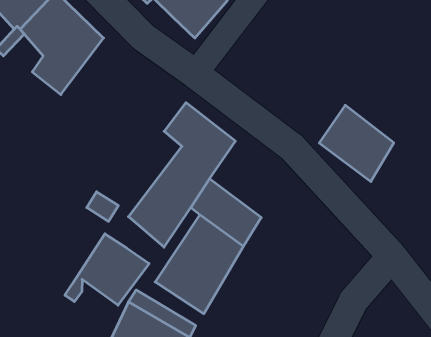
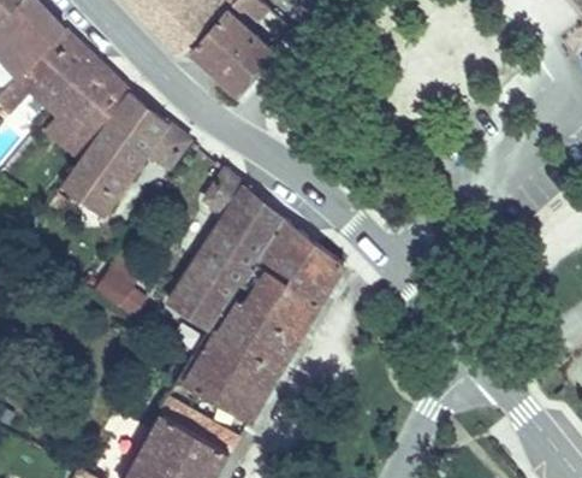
building: none -> [59,93,189,217]
building: [319,105,394,182] -> [255,218,345,311]
building: [65,234,149,305] -> none

